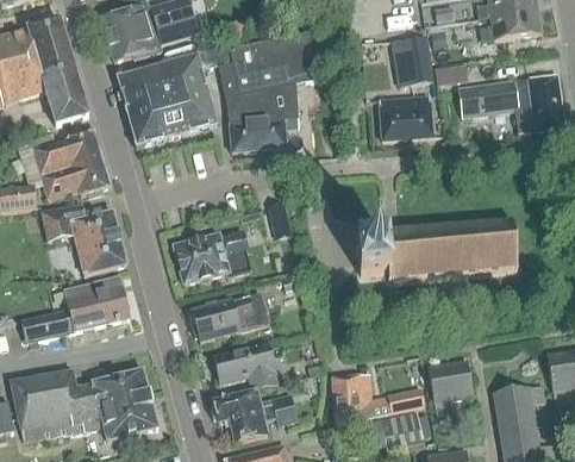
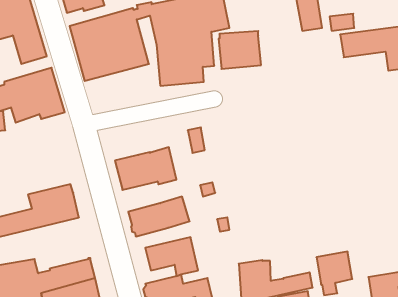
building: [379,93,432,141] -> [219,31,261,69]
building: [42,206,126,275] -> none
building: [356,221,517,279] -> none

